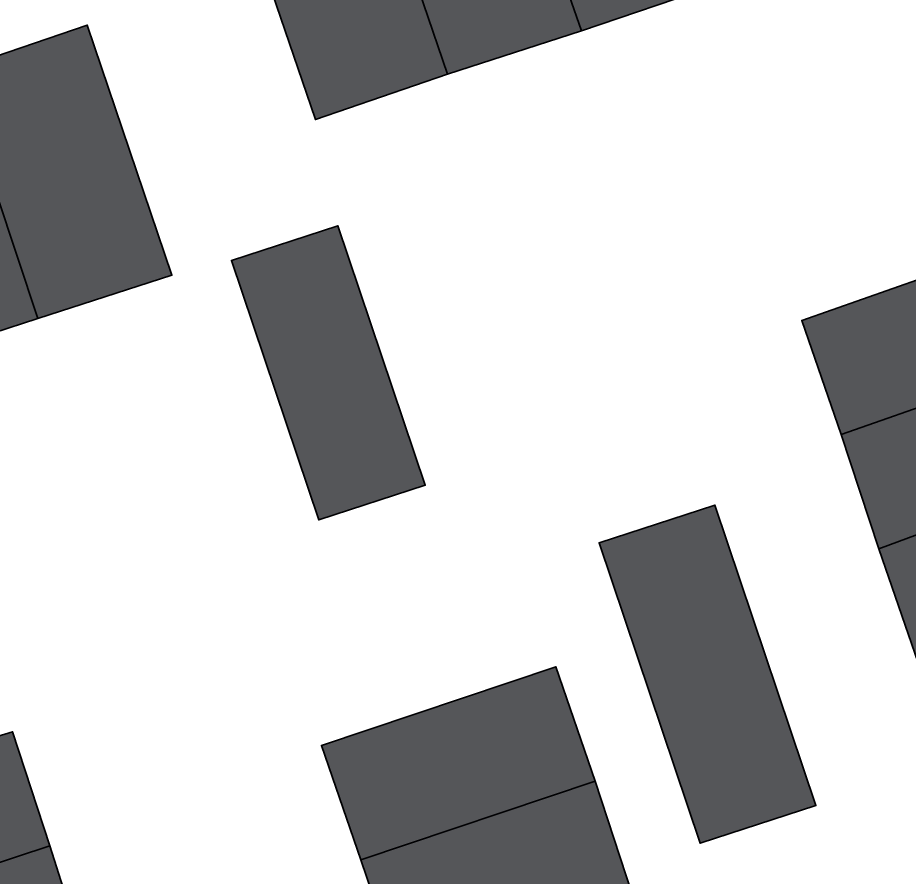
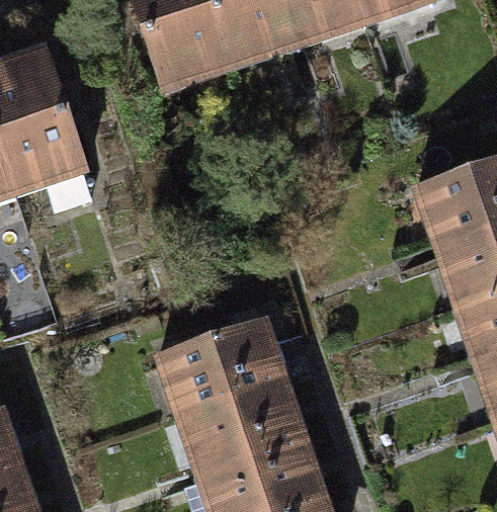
building: [231,226,425,520] -> none
building: [599,505,816,843] -> none
building: none -> [150,320,289,418]

